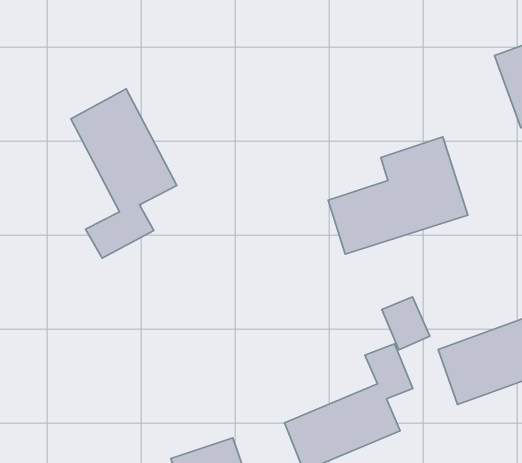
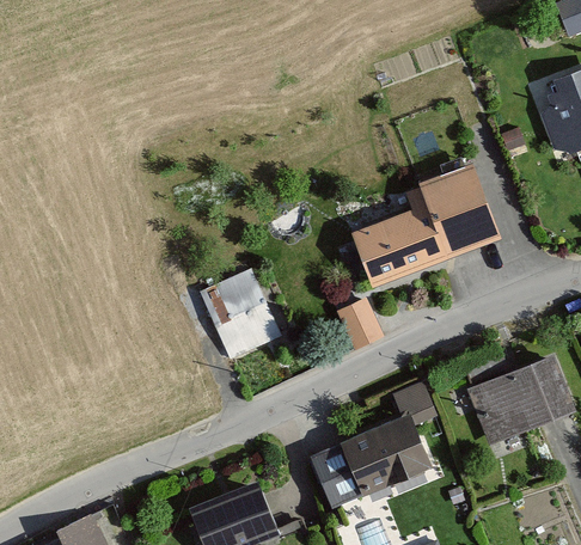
building: [71,89,177,258] -> none
building: none -> [194,267,285,362]
building: [382,297,430,350] -> [335,289,385,344]

